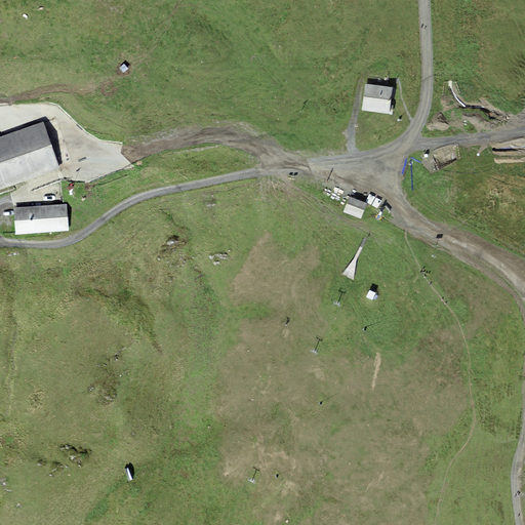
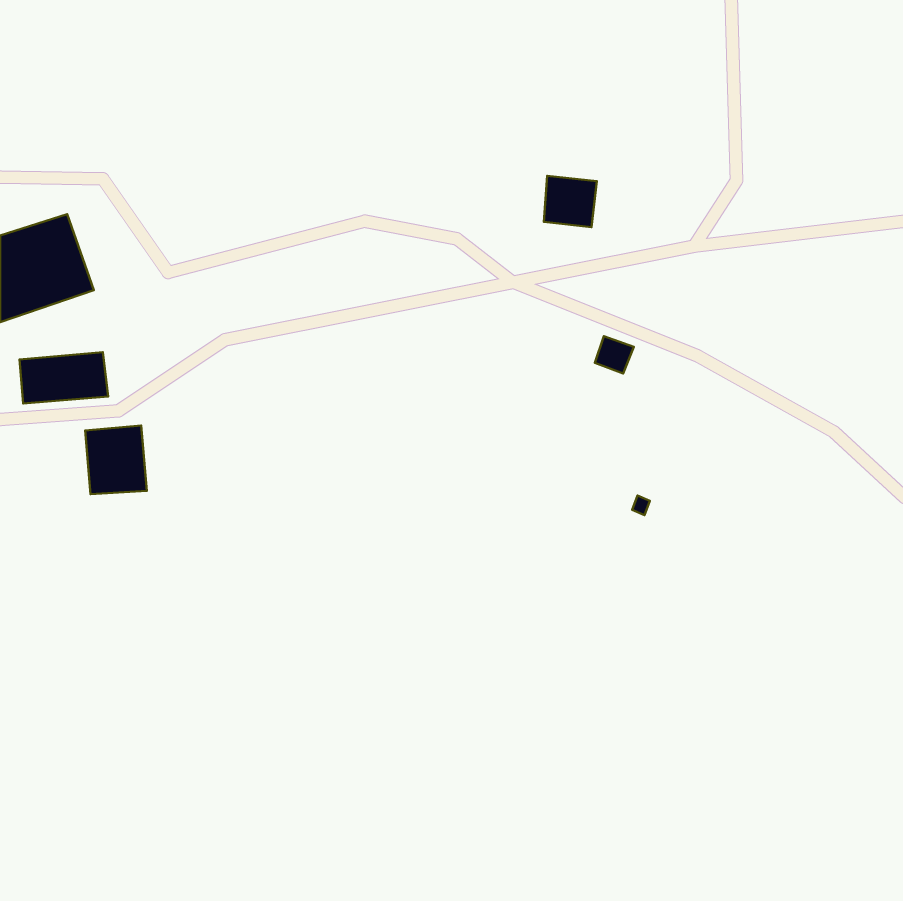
building: [363,82,394,112] -> [544,176,597,227]
building: none -> [85,426,147,494]

